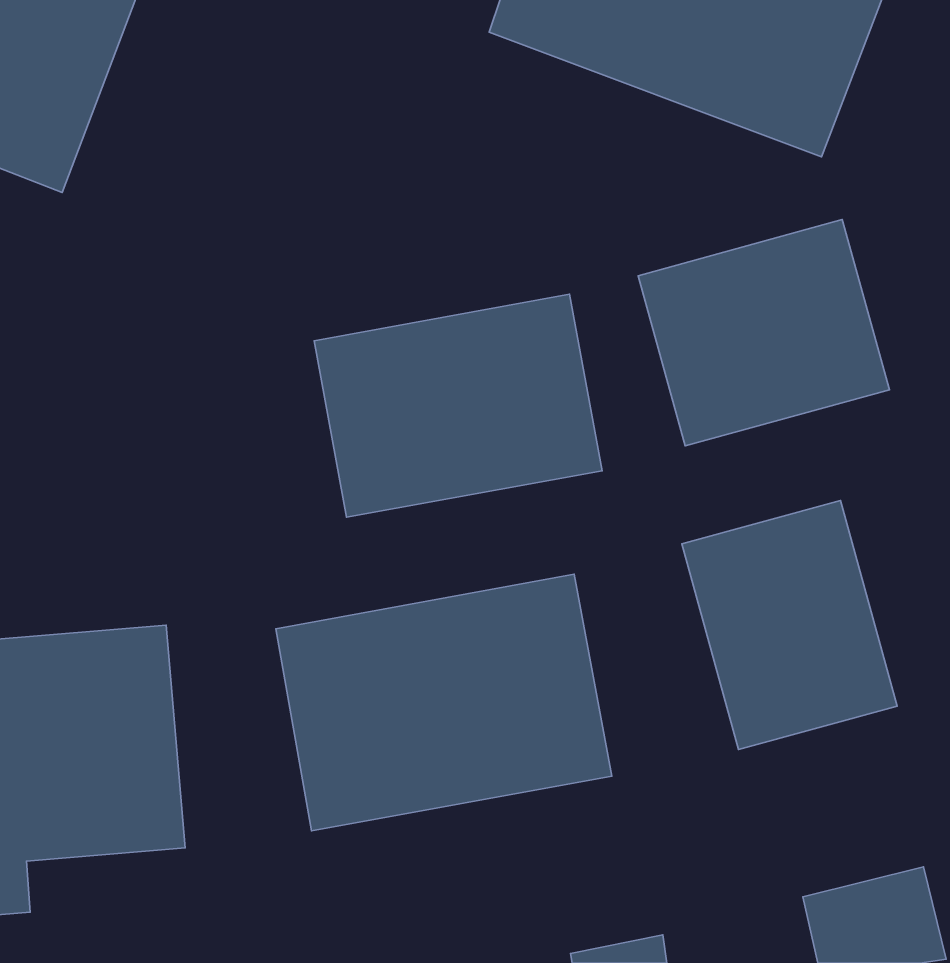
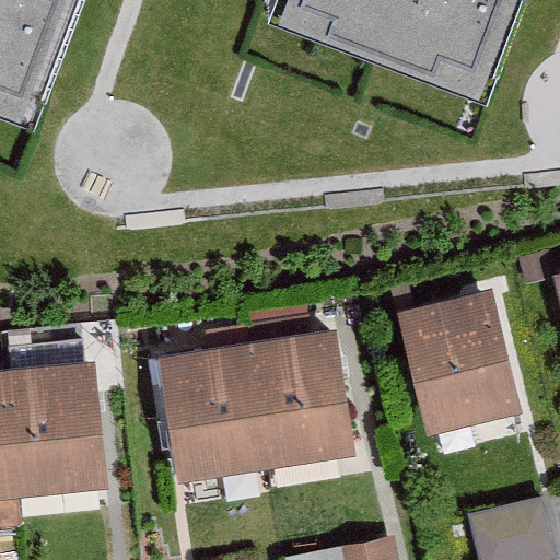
building: [638,220,889,446] -> none
building: [314,294,602,517] -> none

